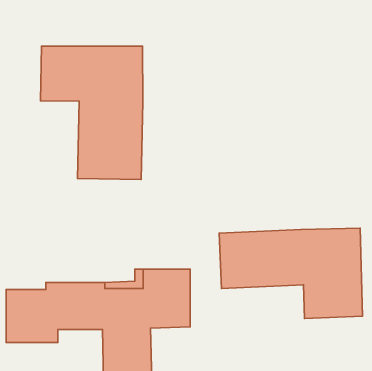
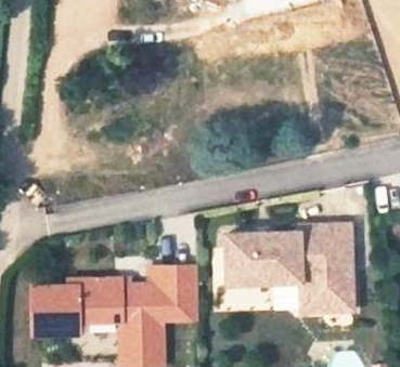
building: [40,46,143,179] -> none

